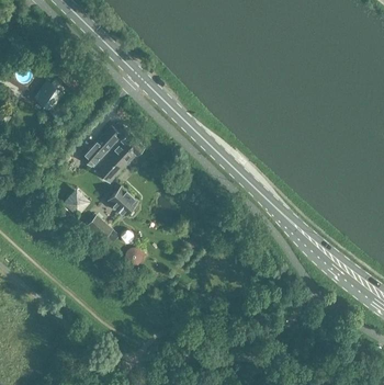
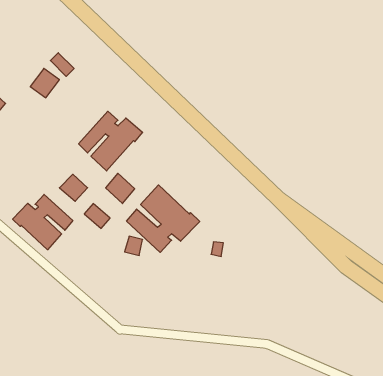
building: none -> [127,185,200,252]
building: none -> [13,194,73,250]

